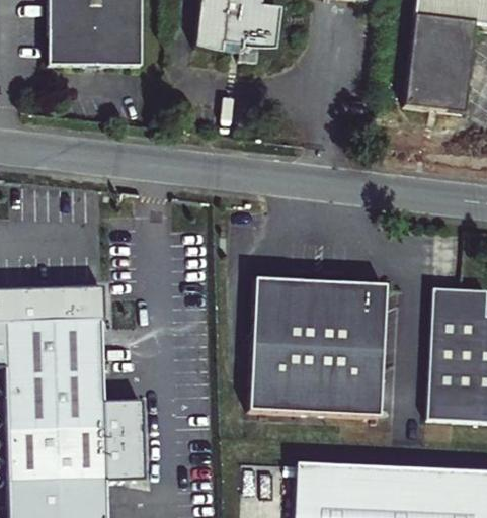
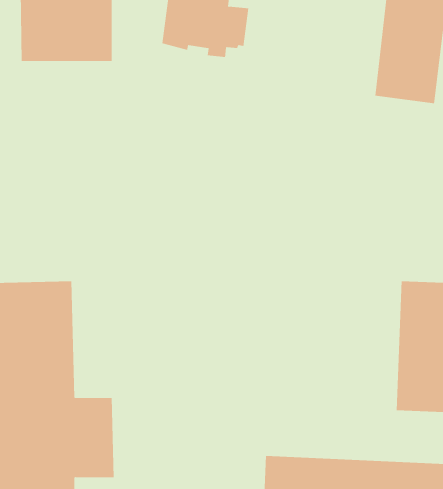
building: [247,278,384,415] -> none

